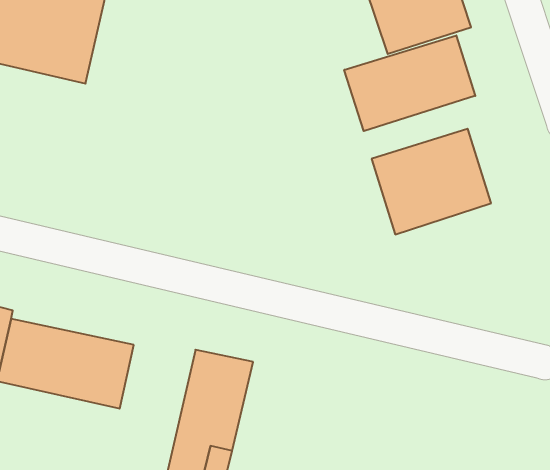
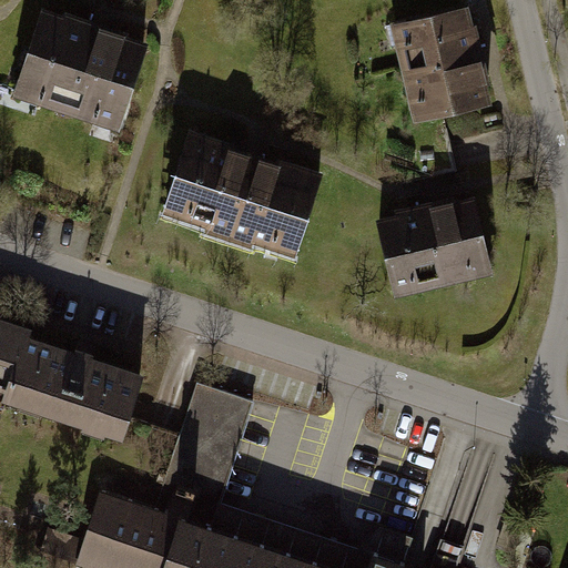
building: [344,35,475,131] -> none
building: none -> [166,134,320,254]

